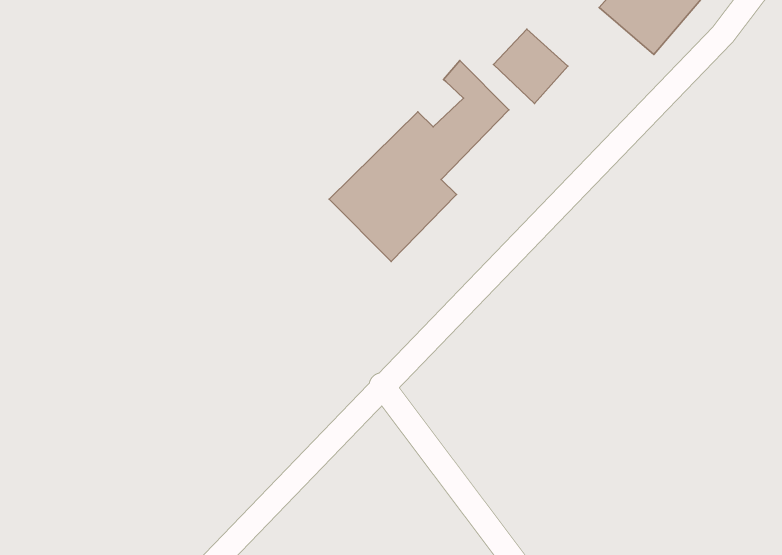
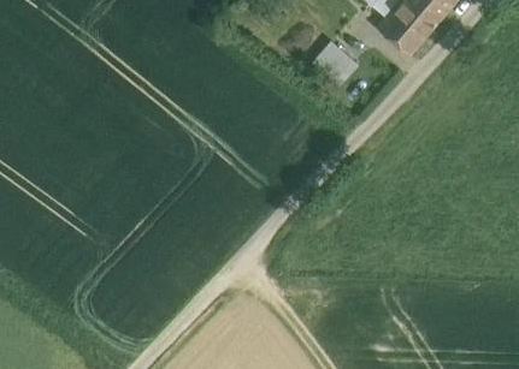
building: [329,61,509,262] -> none

